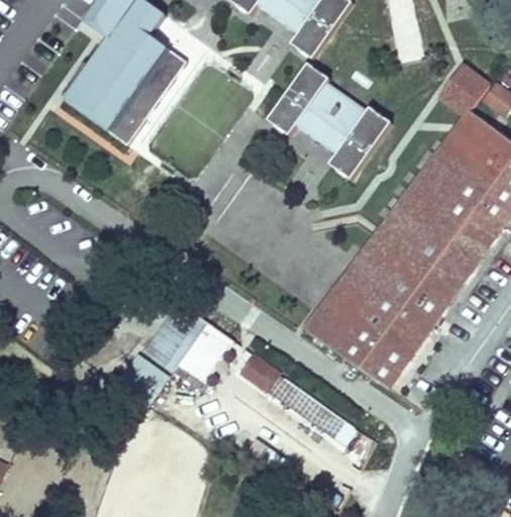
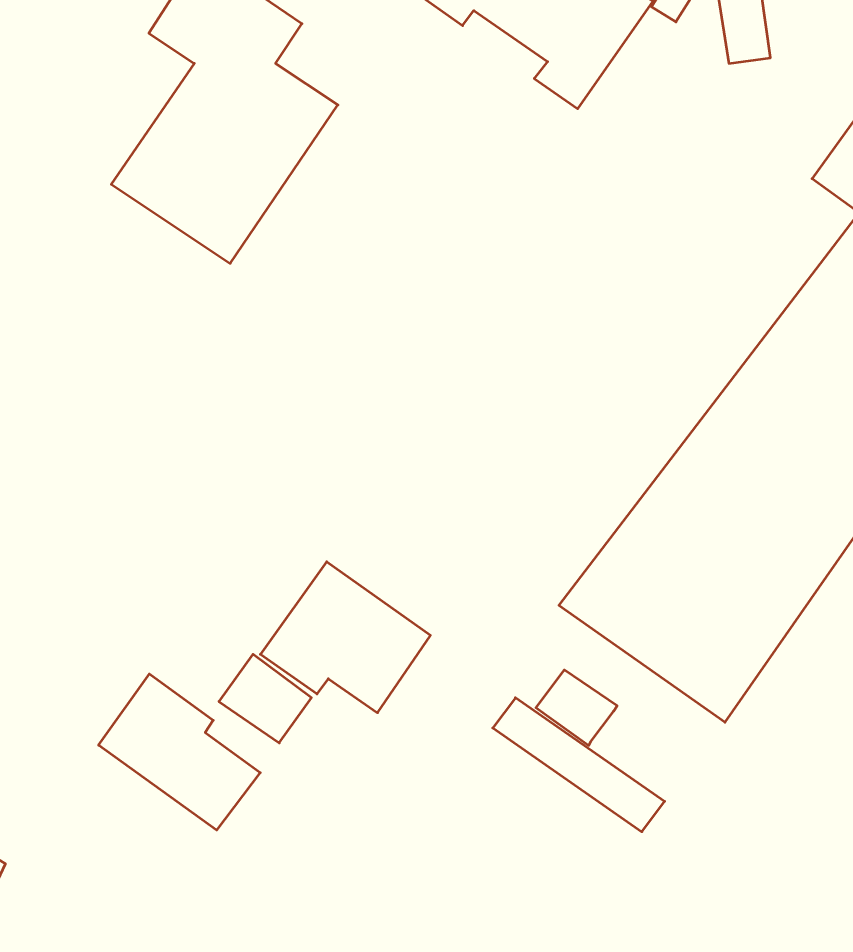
building: [267,63,393,180] -> none
building: [237,352,281,393] -> [536,670,617,745]
building: none -> [99,674,260,830]

